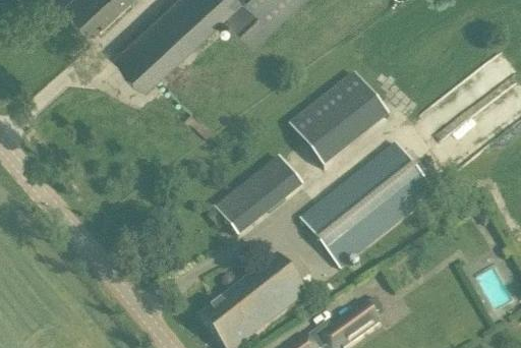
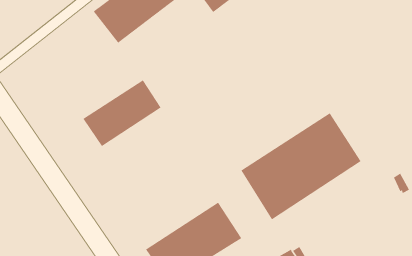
building: [291,74,392,170] -> none
building: [217,158,305,238] -> [83,80,162,147]

